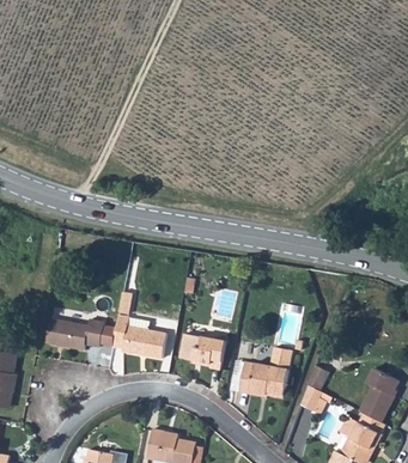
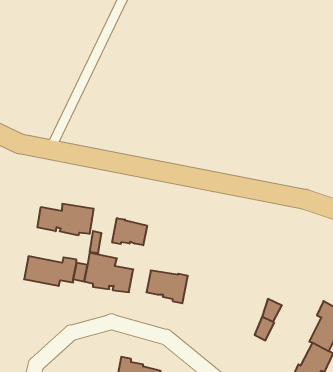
building: none -> [37,204,94,235]
building: none -> [112,218,147,245]
building: [238,348,290,398] -> none

